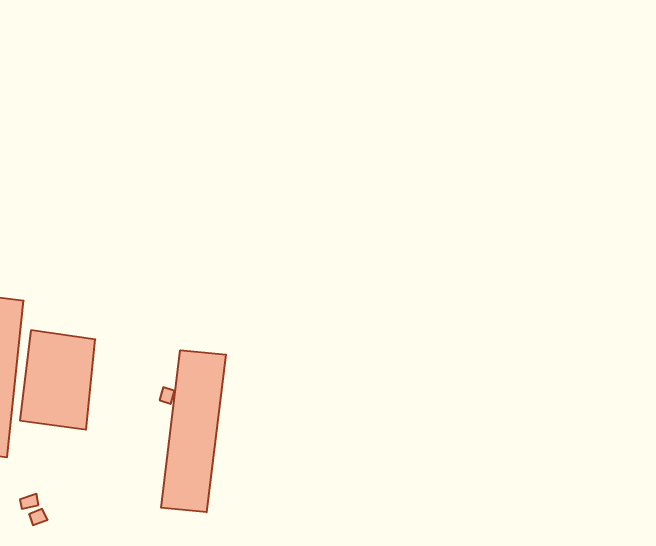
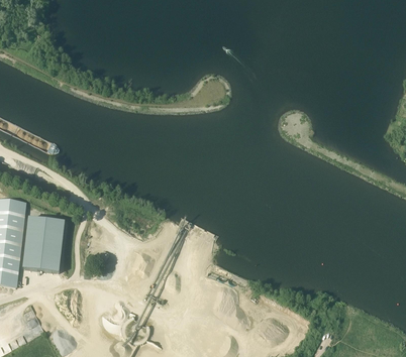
building: [161,350,226,512] -> none

